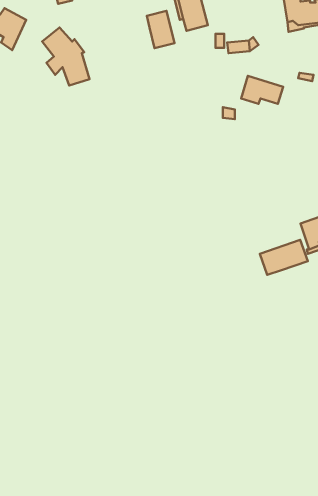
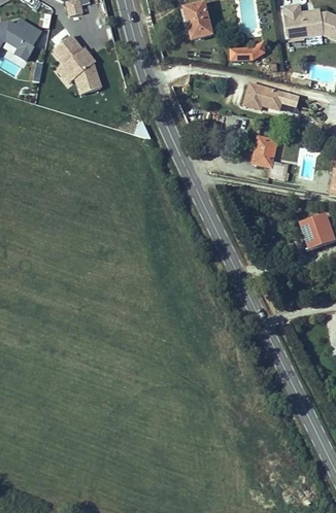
building: [147,11,174,48] -> none
building: none -> [253,136,287,178]
building: [260,240,308,275] -> none

